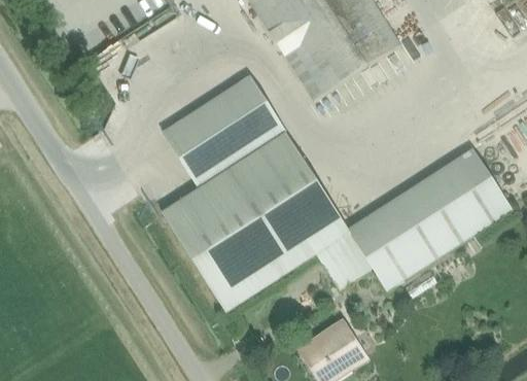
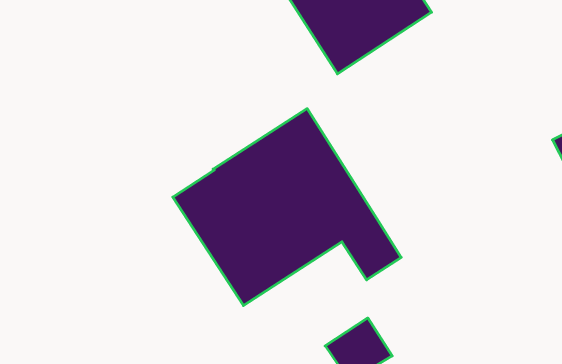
building: [163,74,285,184] -> none
building: [349,150,510,283] -> none

